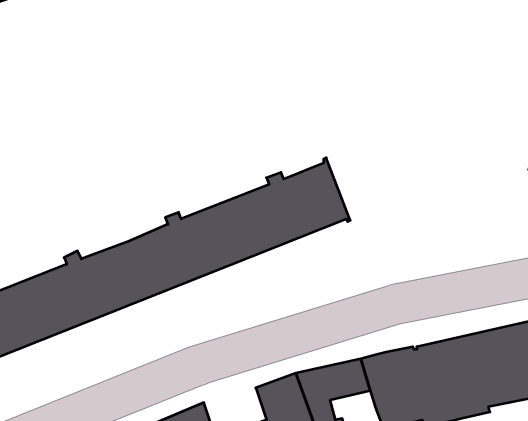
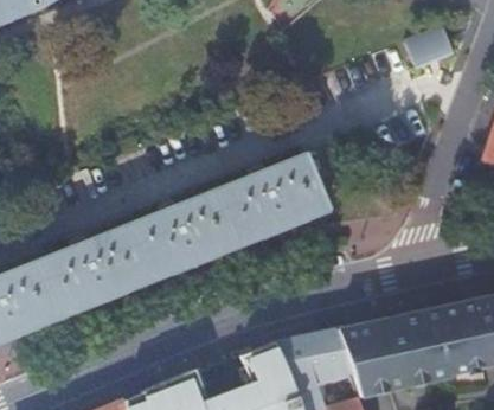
building: none -> [404,23,454,66]

